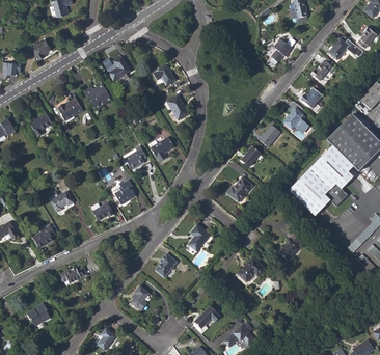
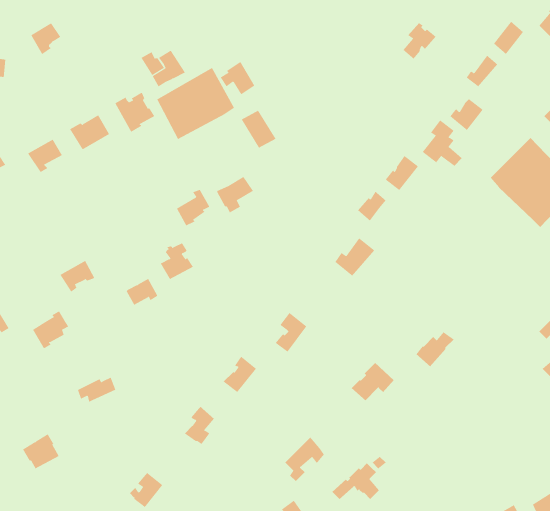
building: none -> [157,67,235,140]
building: [288,145,353,215] -> none

